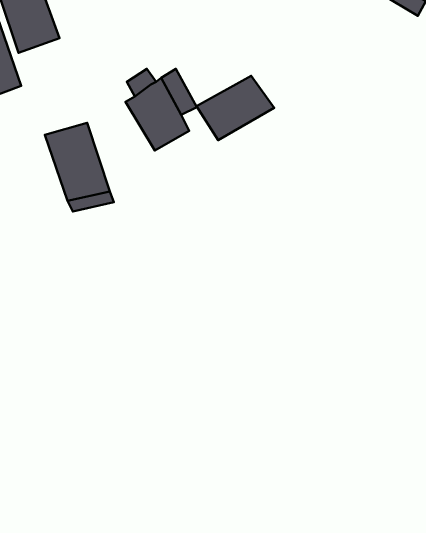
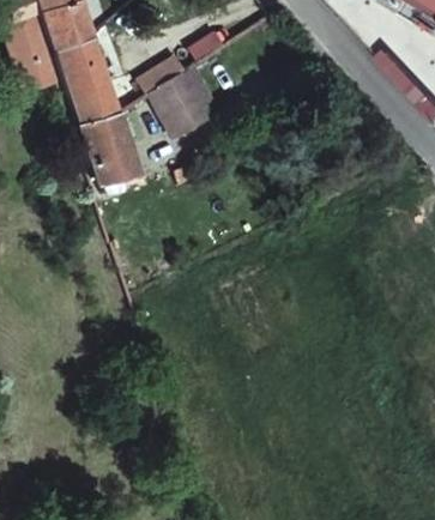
building: none -> [56,36,119,123]
building: [197,76,274,140] -> none

